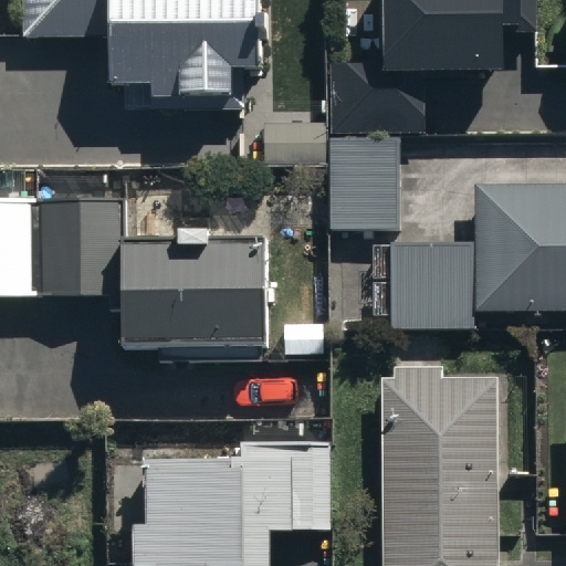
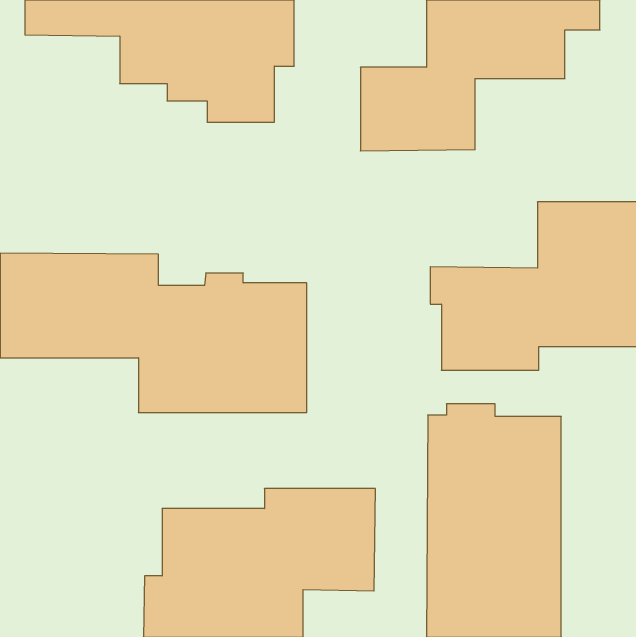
building: [325,136,396,234] -> none

